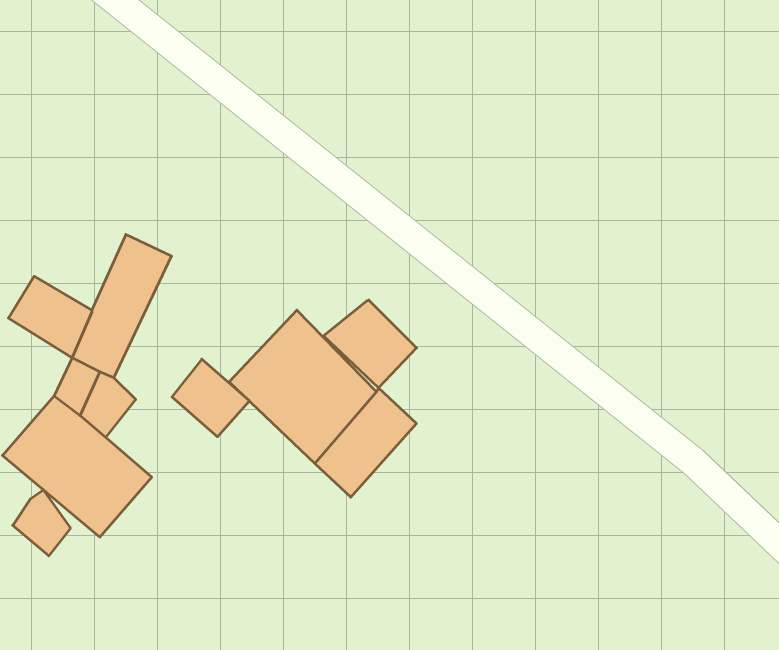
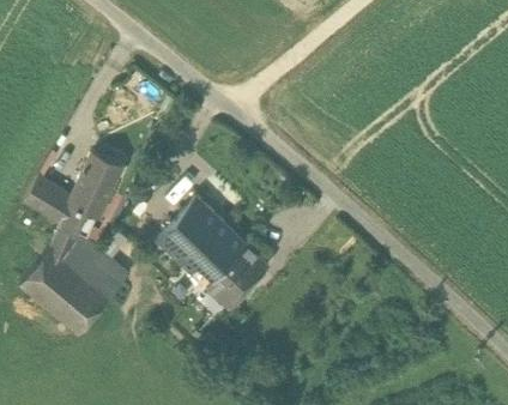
building: [324,300,417,388] -> none
building: [172,359,249,437] -> [83,250,129,297]
building: [13,490,70,556] -> none

